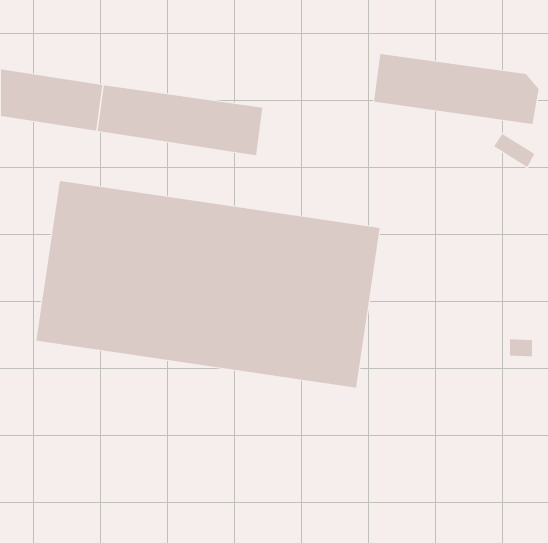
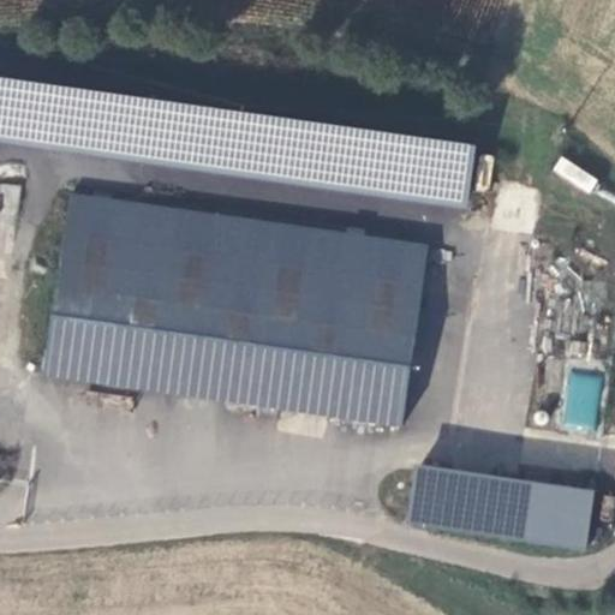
building: [373,53,540,124] -> [288,120,474,199]
building: none -> [410,458,596,542]

